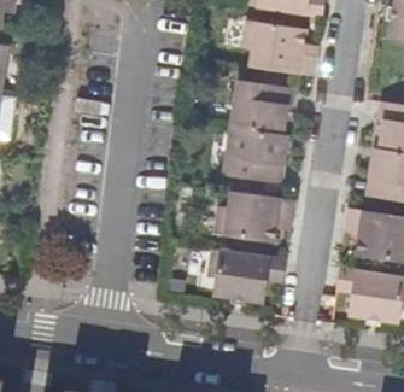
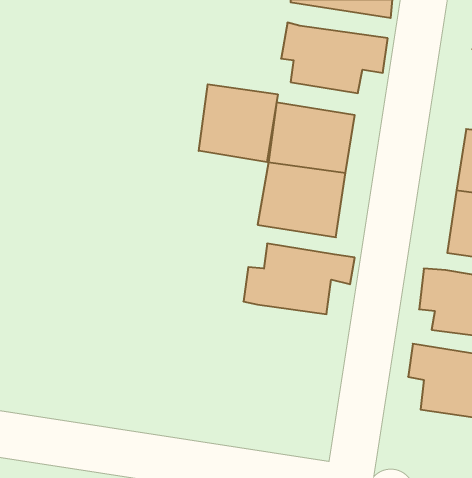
building: none -> [199,84,278,162]
building: [209,246,287,303] -> none

